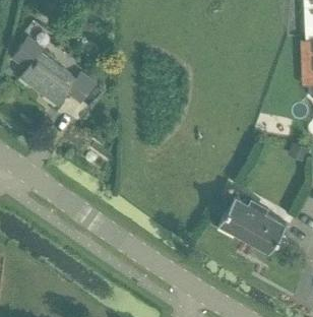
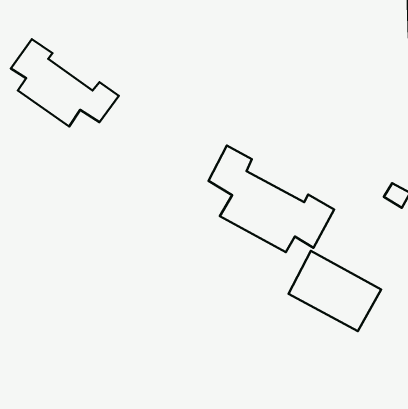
building: none -> [208,146,334,252]

